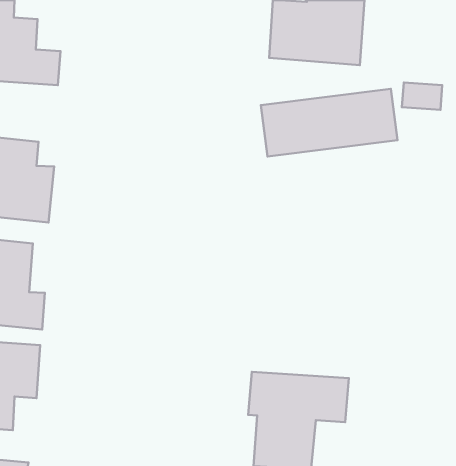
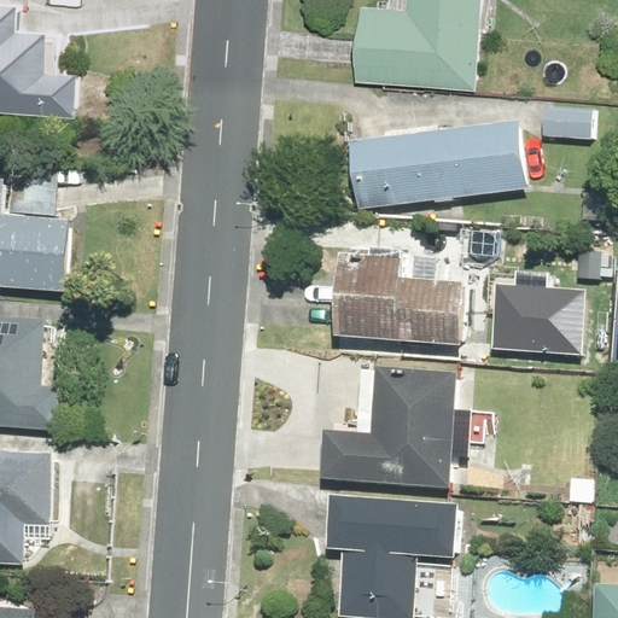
building: none -> [333,250,464,344]
building: none -> [479,279,582,356]
building: none -> [320,366,454,489]

